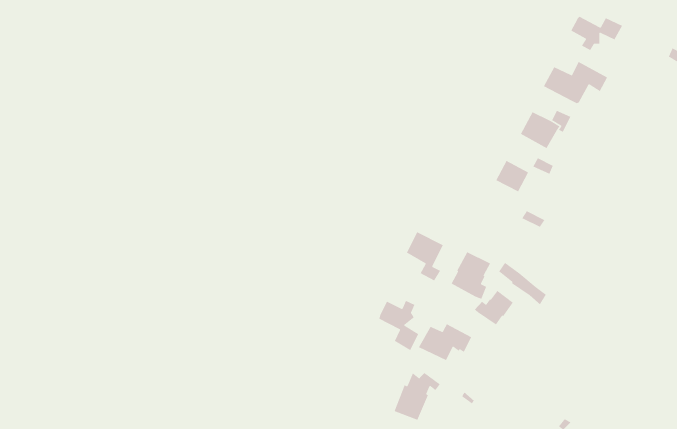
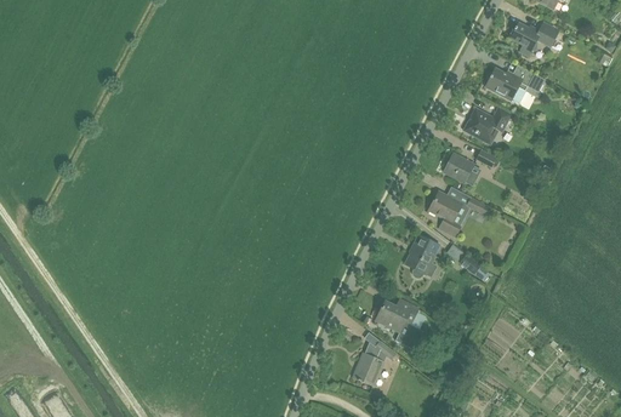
building: [406,231,444,282] -> [428,190,462,235]
building: [474,290,514,326] -> none
building: [379,300,419,351] -> none

